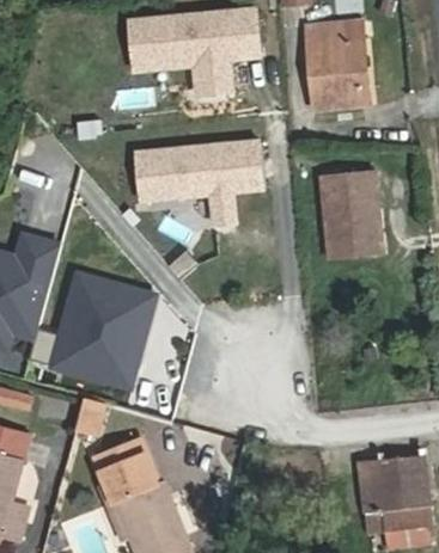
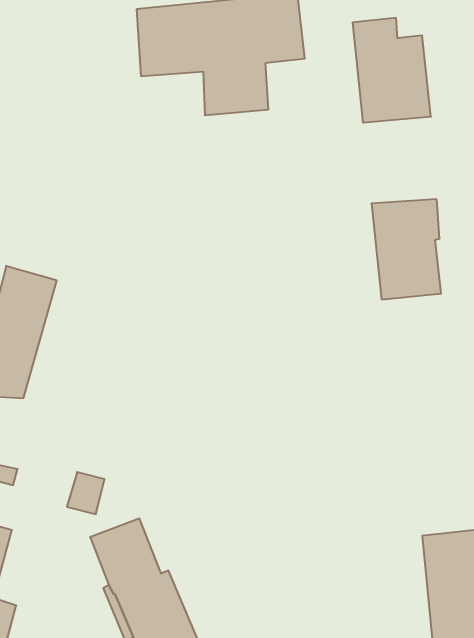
building: [134,136,267,227] -> none
building: [49,269,159,389] -> none

